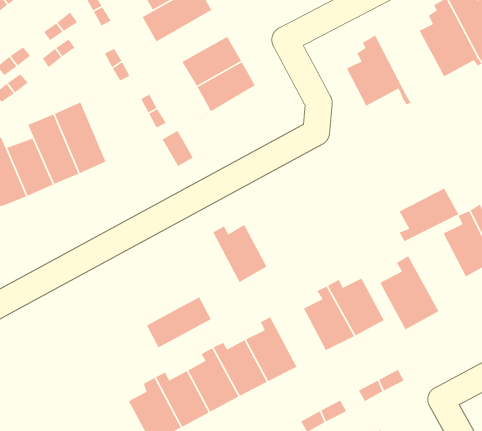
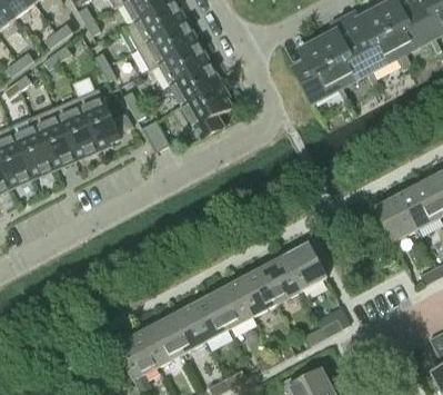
building: none -> [137,21,195,69]
building: none -> [318,36,376,92]
building: none -> [172,83,232,138]
building: none -> [74,88,119,147]
building: [399,187,459,242] -> none
building: [212,224,267,283] -> [231,268,276,317]
building: [379,255,439,330] -> none
building: [146,296,212,349] -> none

